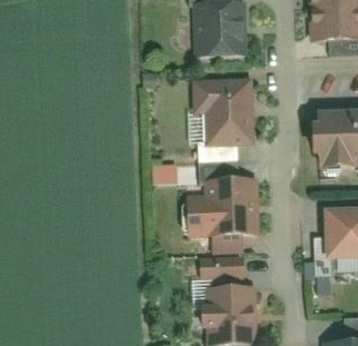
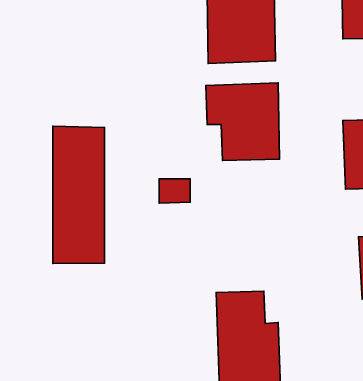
building: none -> [53,126,105,263]
building: [183,175,260,239] -> none

